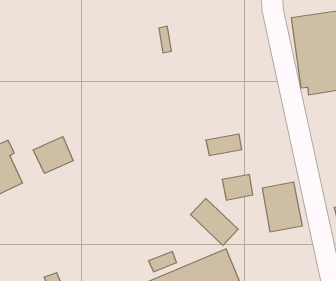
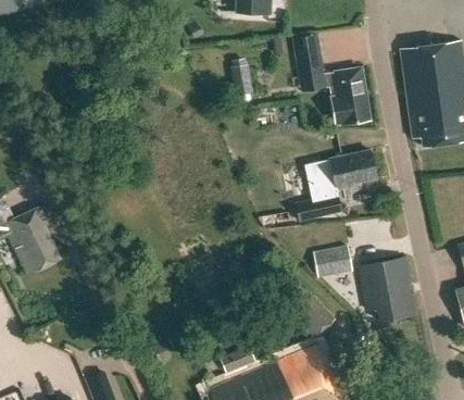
building: none -> [293,34,369,124]
building: none -> [313,150,377,191]
building: [33,137,73,173] -> none

